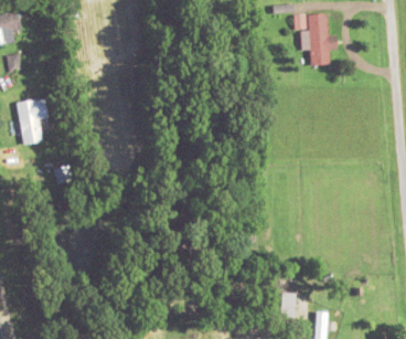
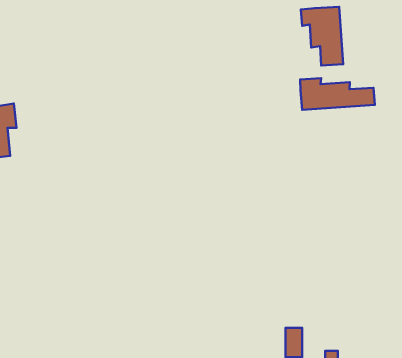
building: none -> [300,78,375,110]

